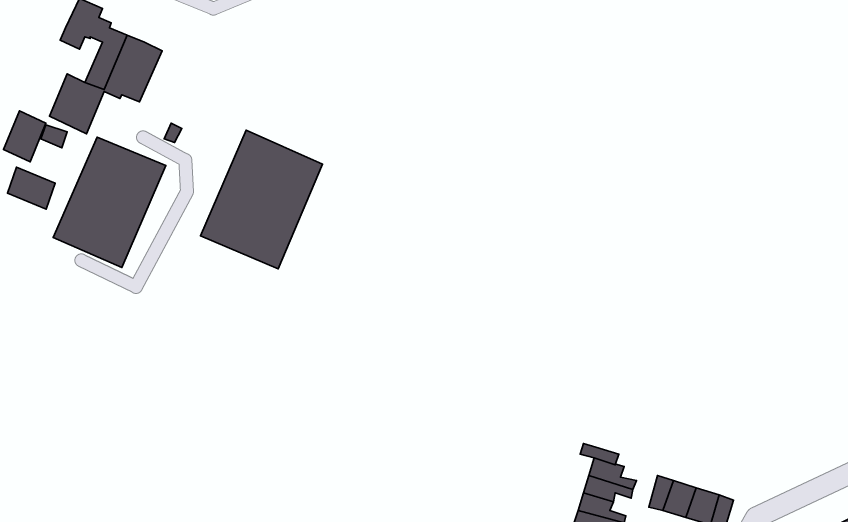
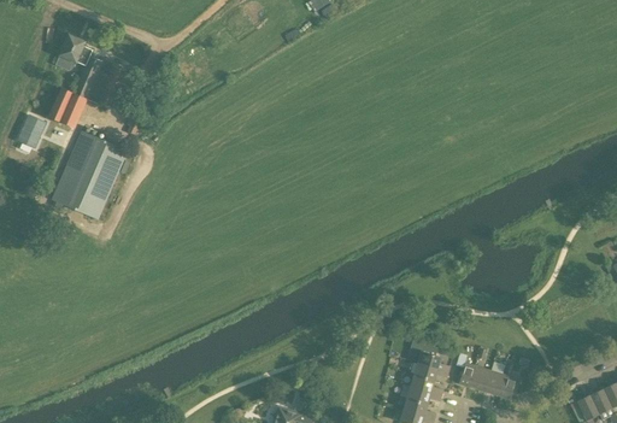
building: [200,130,322,269] -> none
building: [7,167,55,209] -> none

